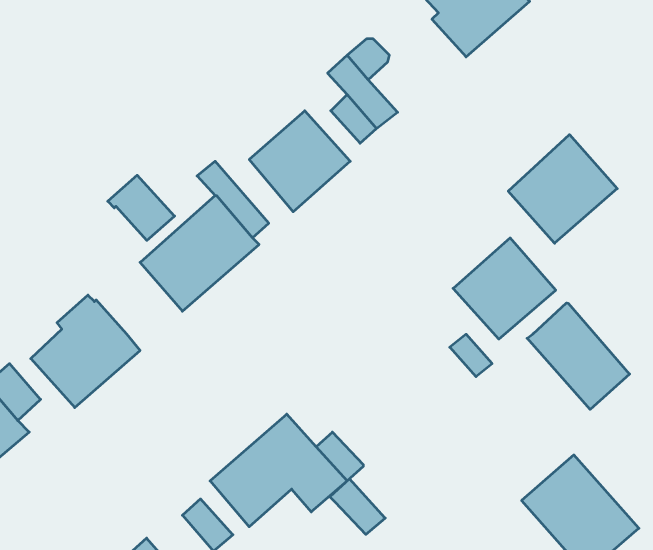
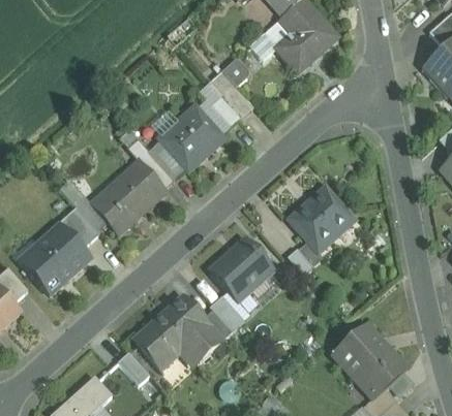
building: [508,135,617,243] -> none
building: [108,175,175,240] -> [57,206,99,248]
building: [527,303,630,409] -> none
building: none -> [212,243,268,298]
building: [330,479,385,534] -> [209,295,244,330]

